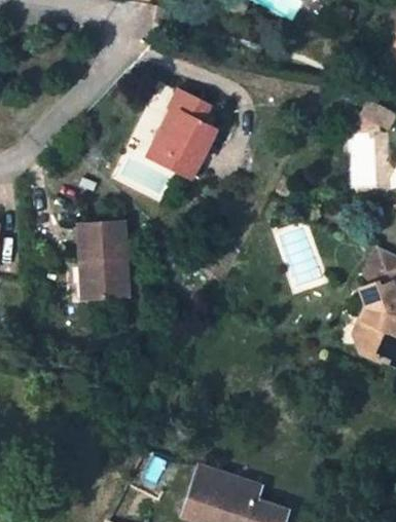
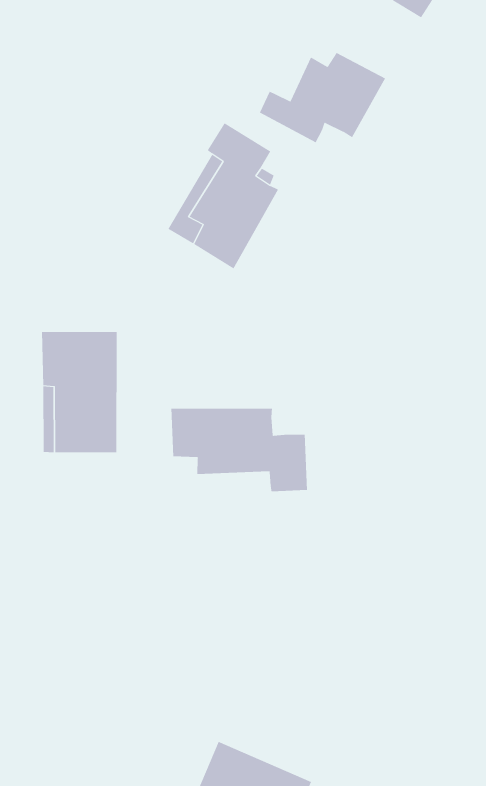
building: none -> [259,52,386,143]
building: none -> [171,408,307,492]

